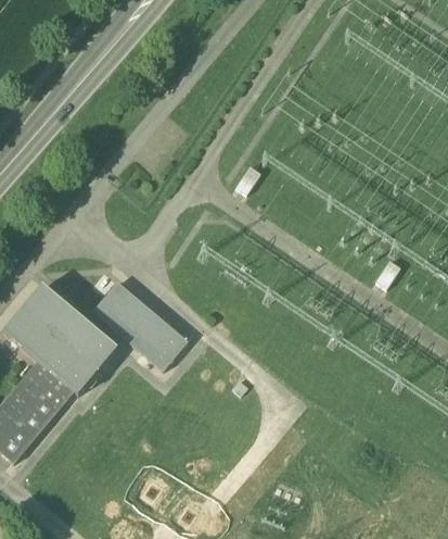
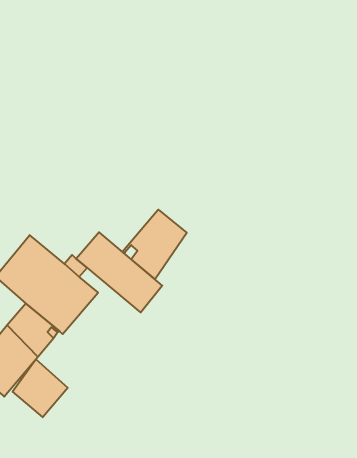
building: none -> [122,210,187,279]
building: none -> [13,359,68,417]

